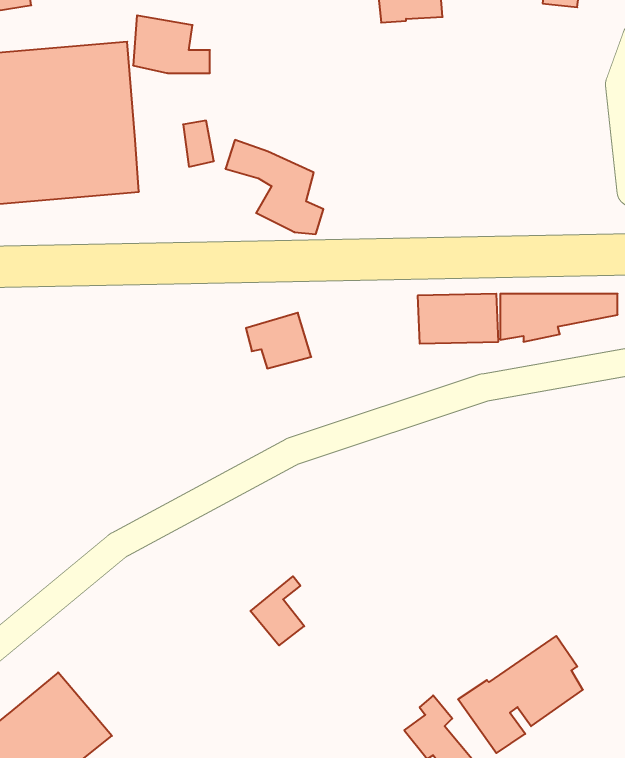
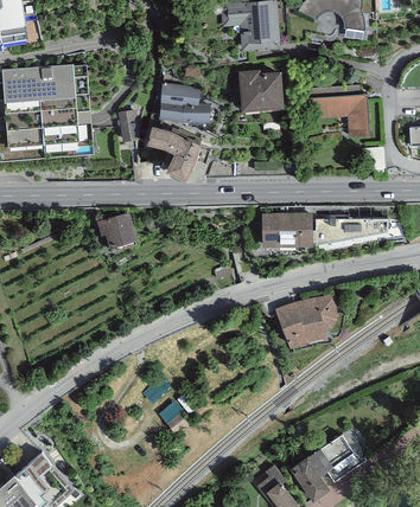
building: [133,15,210,73] -> [161,85,209,121]
building: none -> [238,69,284,110]
building: none -> [312,86,370,136]
building: [246,313,311,368] -> [97,212,138,246]
building: none -> [274,296,338,348]

